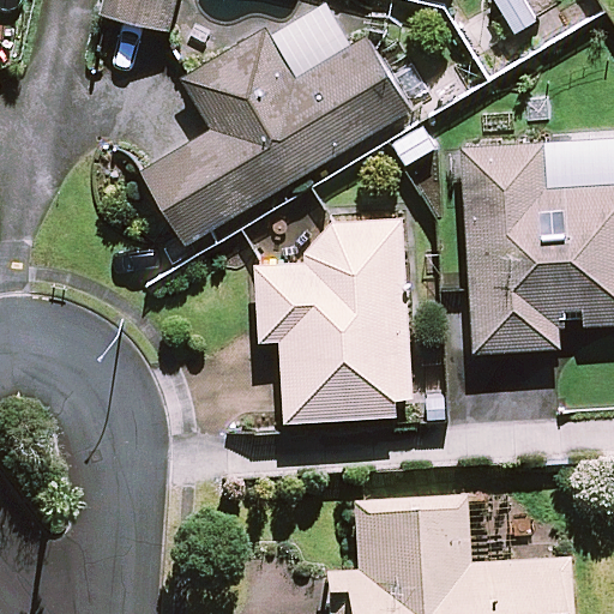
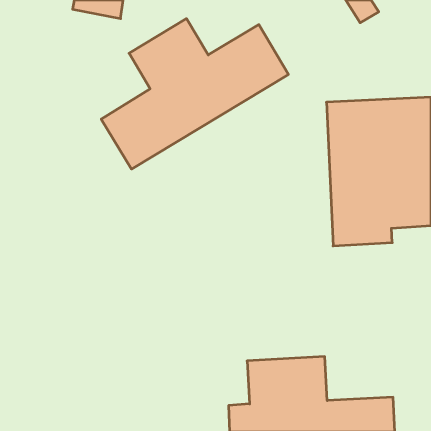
building: [257,218,411,420] -> none

